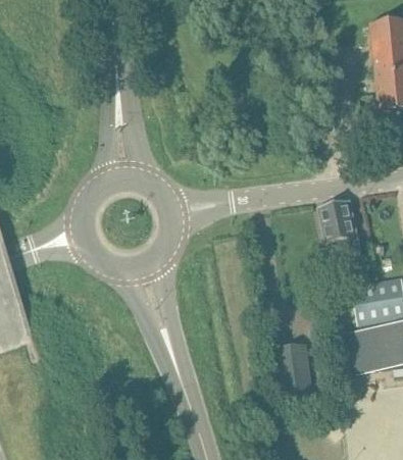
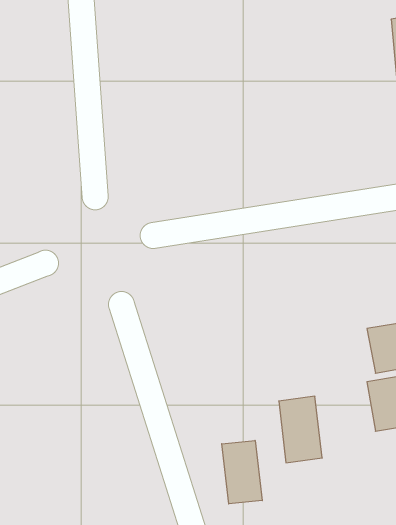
building: [317,197,360,253] -> none
building: none -> [222,440,262,504]

